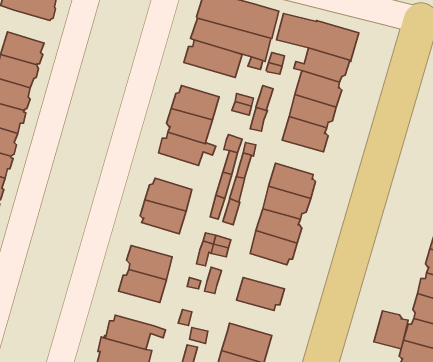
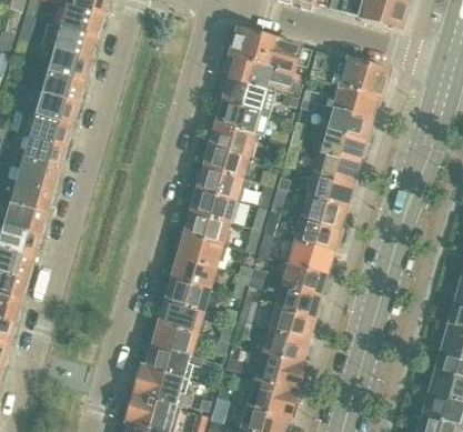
building: none -> [48,49,91,81]
building: none -> [214,100,269,137]
building: none -> [308,175,354,209]
building: none -> [189,188,233,223]
building: none -> [168,255,214,289]
building: none -> [276,285,321,320]
building: none -> [151,322,195,355]
building: none -> [263,331,308,365]
building: [374,311,408,349] -> none

